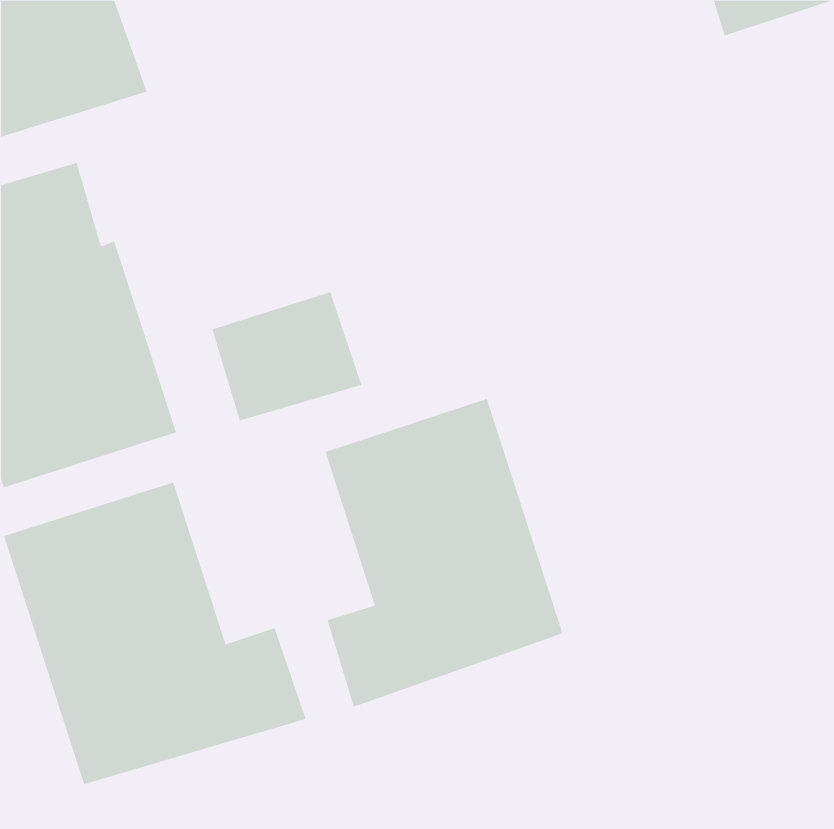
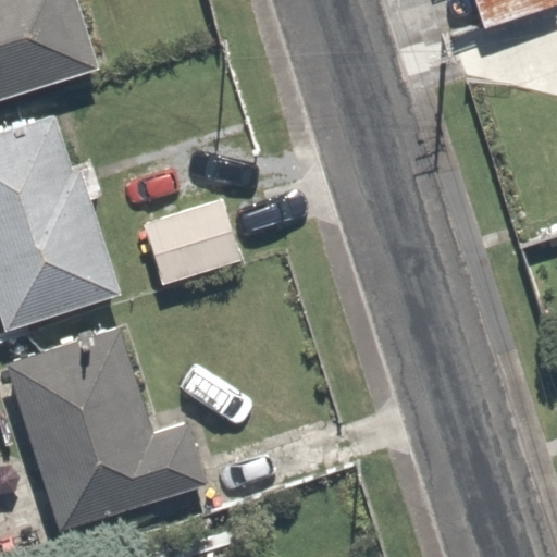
building: [325,398,563,708] -> none

